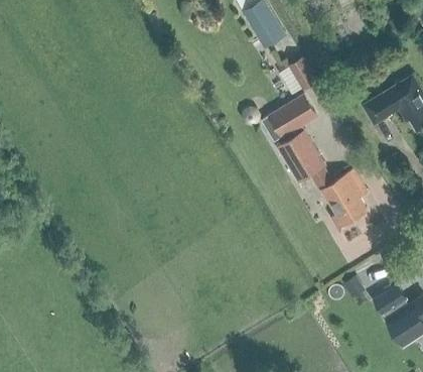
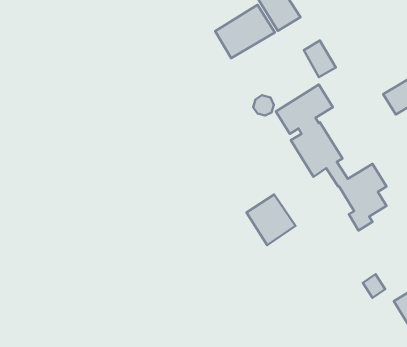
building: none -> [215,5,275,58]
building: none -> [246,194,295,245]

